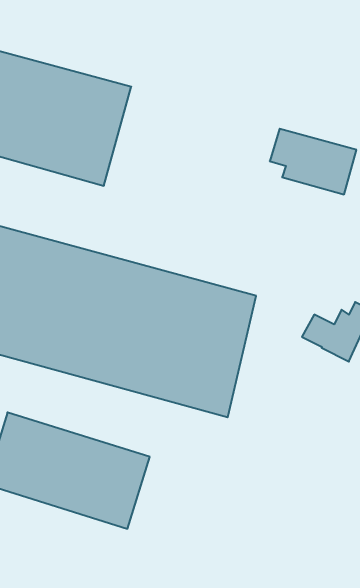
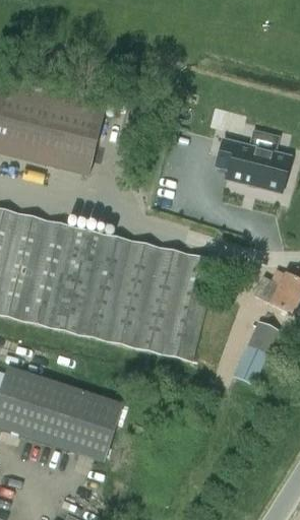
building: none -> [230,329,273,391]

